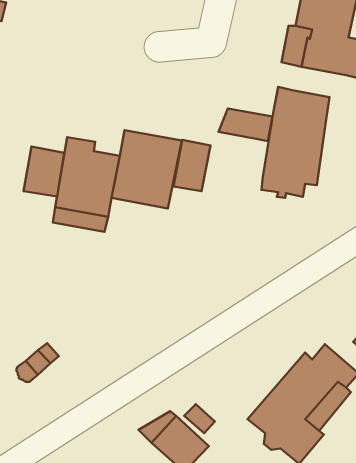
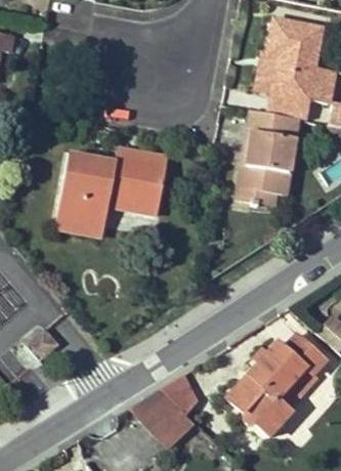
building: [219,108,273,141] -> [265,91,312,120]
building: [173,140,210,191] -> none
building: [24,146,64,197] -> none

